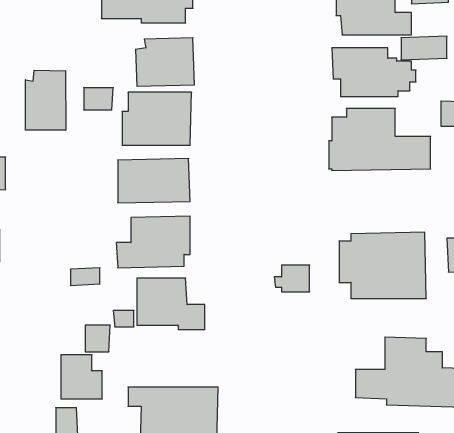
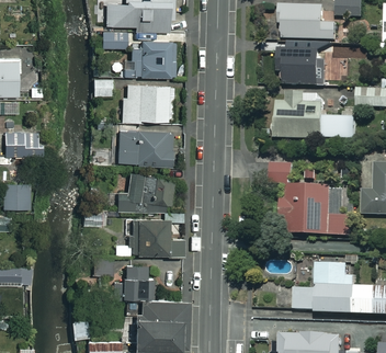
building: none -> [100,31,126,47]
building: [25,70,66,130] -> none
building: [274,265,310,292] -> [264,162,291,182]
building: [61,355,102,399] -> [122,265,152,298]

